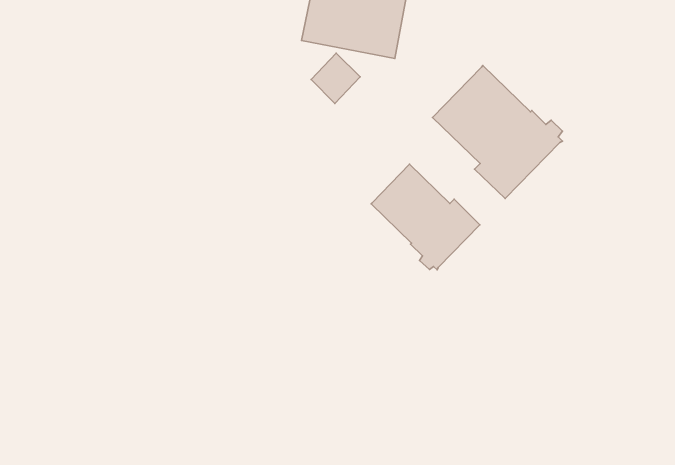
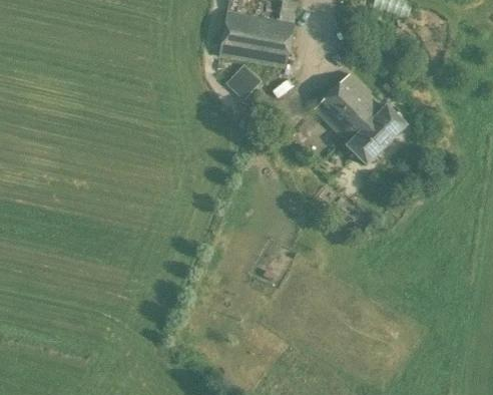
building: [371,164,480,270] -> none

